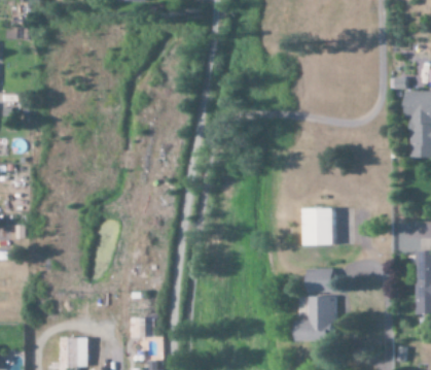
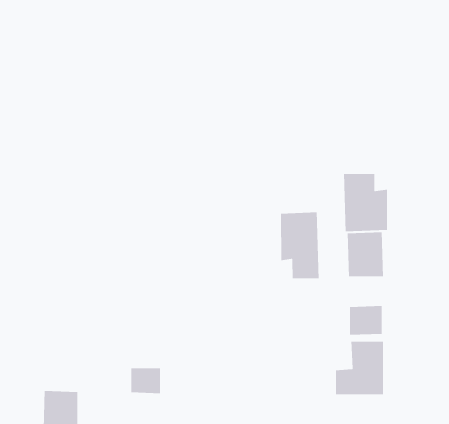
building: none -> [343,173,388,232]
building: none -> [280,212,319,279]

